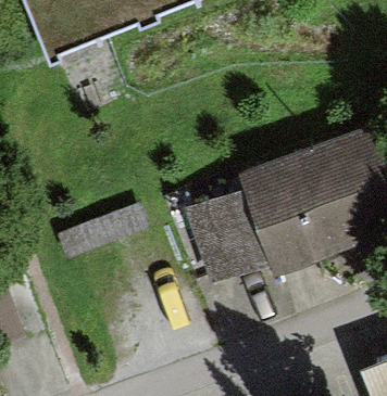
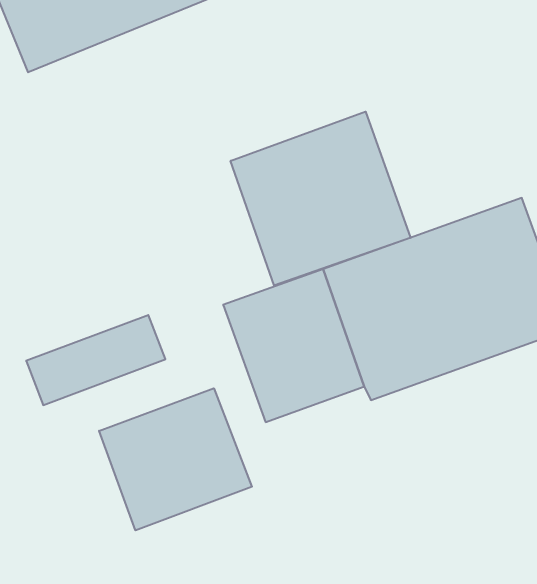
building: none -> [231,112,411,285]
building: none -> [99,388,252,530]

